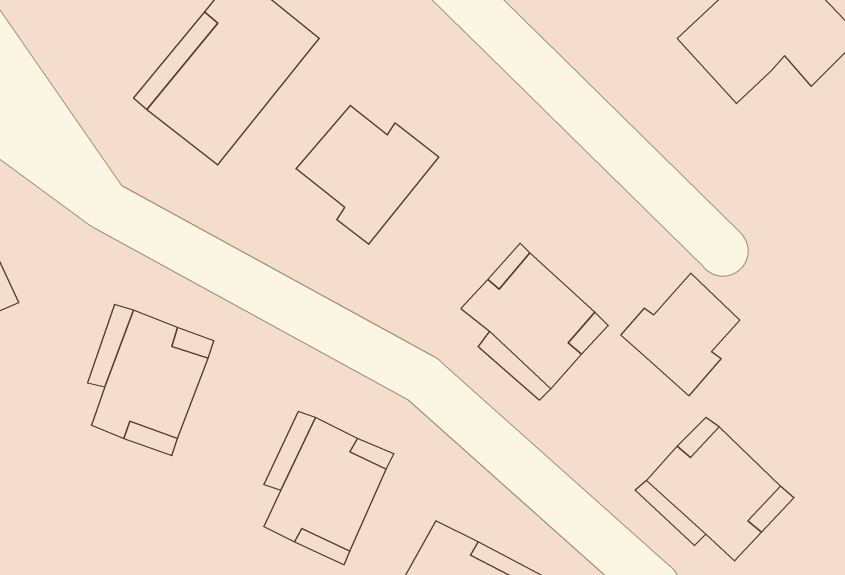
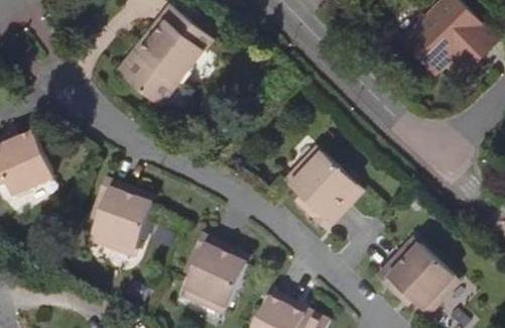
building: [296,105,439,244] -> none
building: [621,273,740,396] -> none

